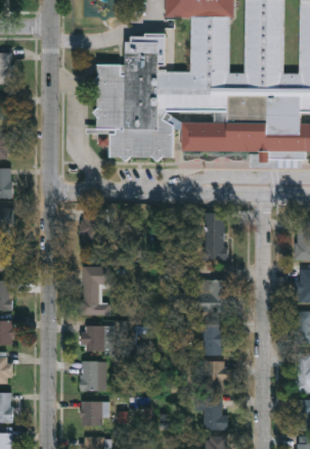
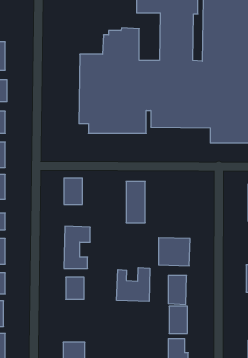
building: [203,212,225,260] -> [126,181,145,223]
building: none -> [117,268,150,301]
building: [80,361,105,391] -> none

